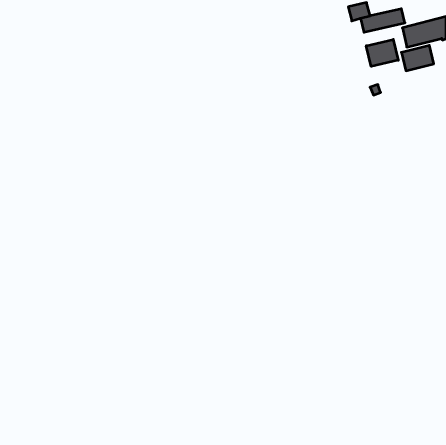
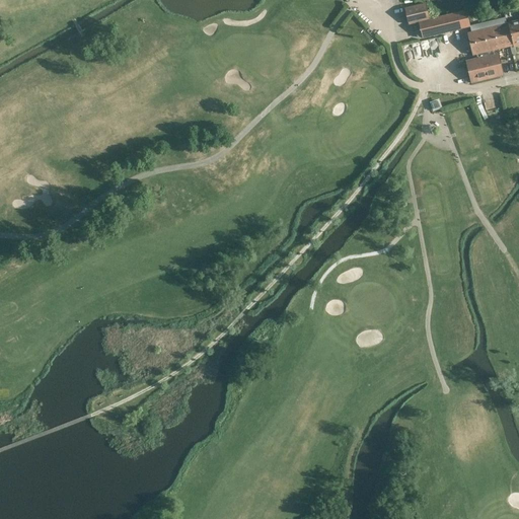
building: [366,39,398,66] -> none

